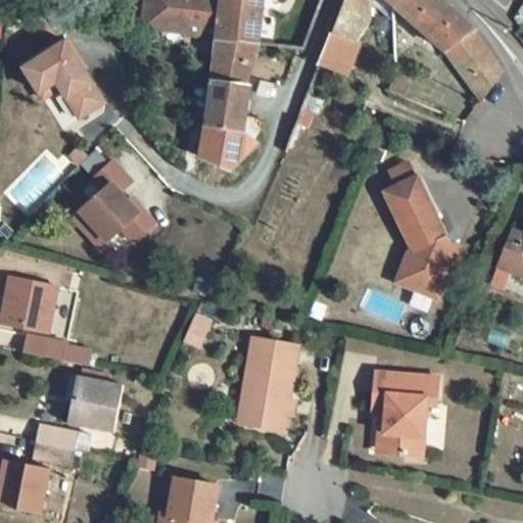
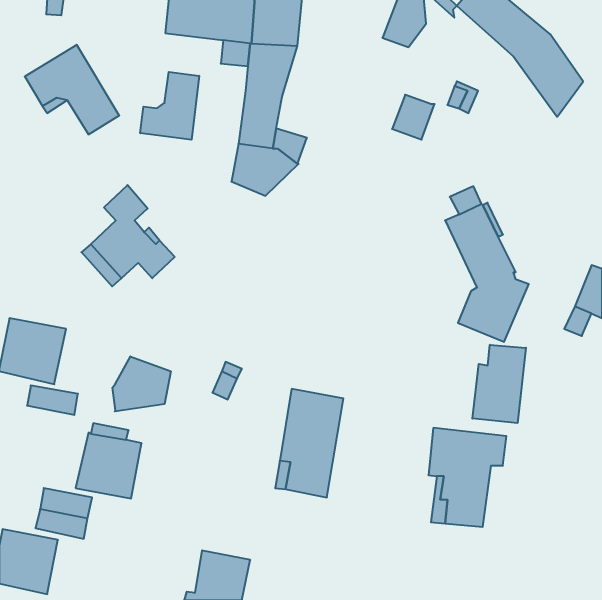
building: [320,33,356,72] -> [392,95,435,140]
building: none -> [140,72,199,140]
building: none -> [472,345,526,423]
building: none -> [112,356,171,411]

